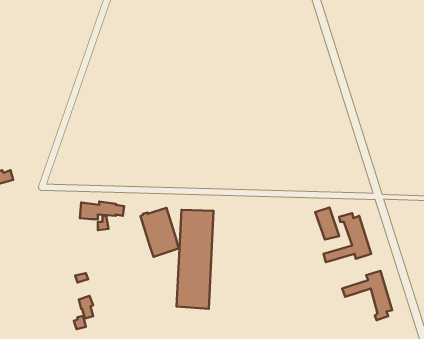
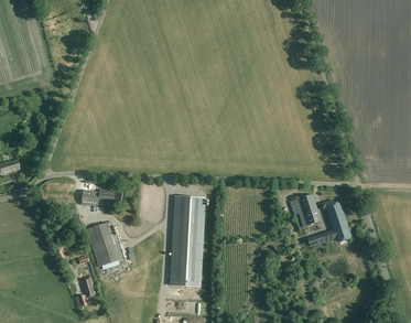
building: [140,208,179,257] -> [87,220,122,266]
building: [342,271,392,320] -> none

